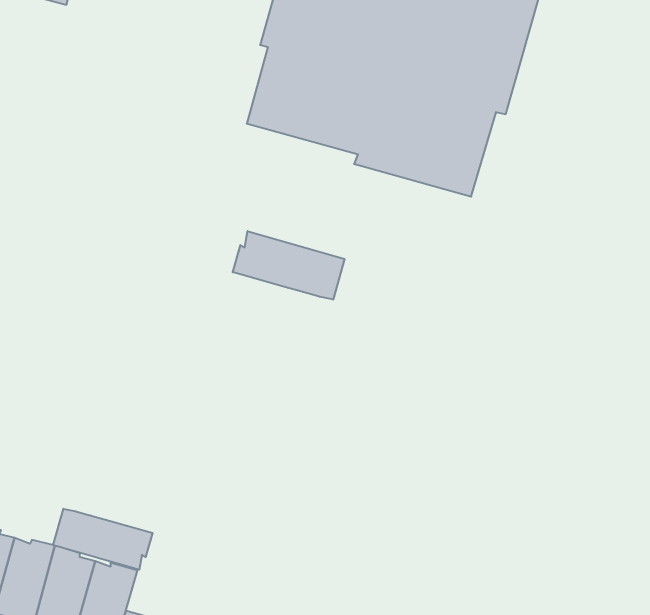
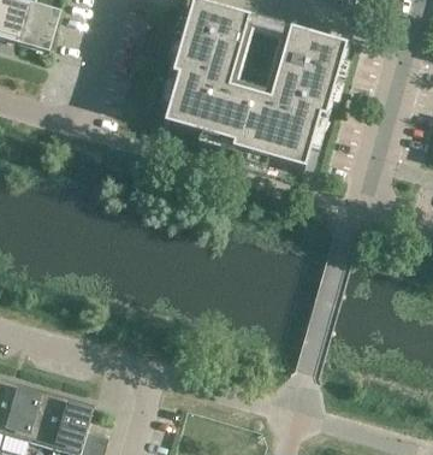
building: [233,231,345,300] -> none
building: [53,509,153,570] -> none

